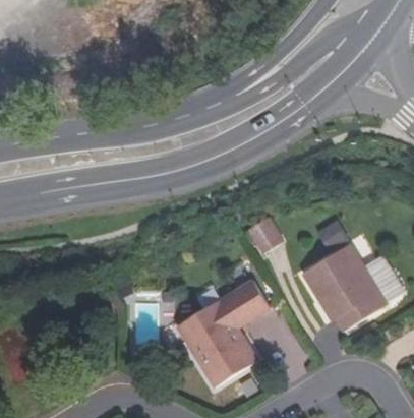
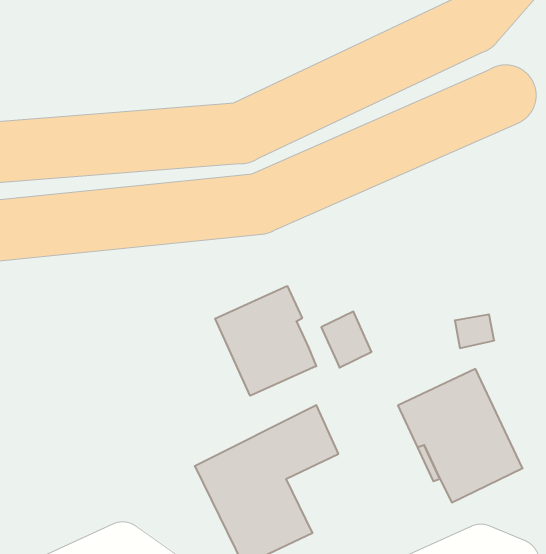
building: none -> [215,286,316,396]

